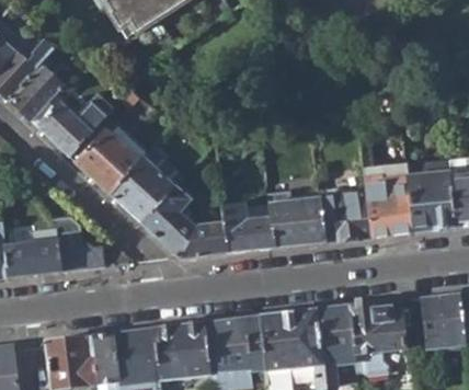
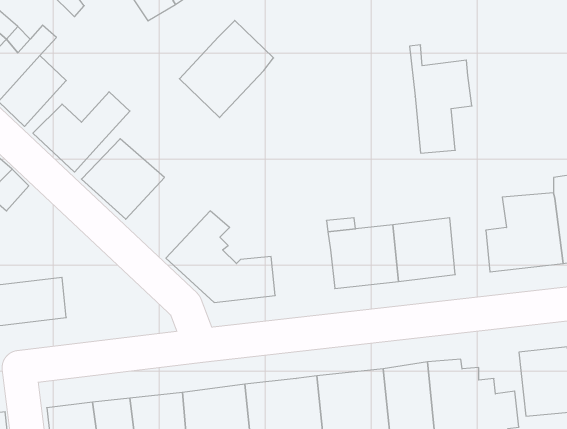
building: [108,146,183,222] -> [179,20,274,118]
building: [361,150,410,236] -> [410,45,472,153]
building: [221,202,274,252] -> none
building: [57,231,104,269] -> none

